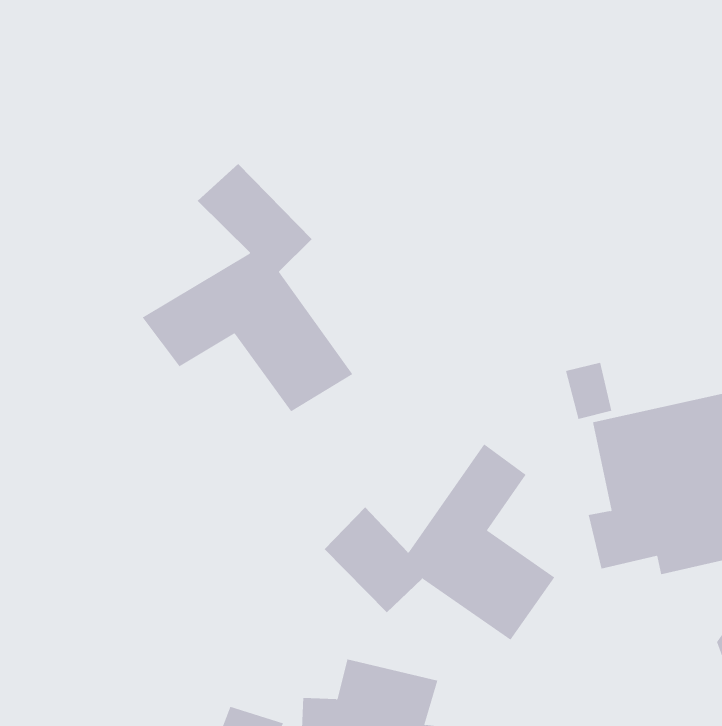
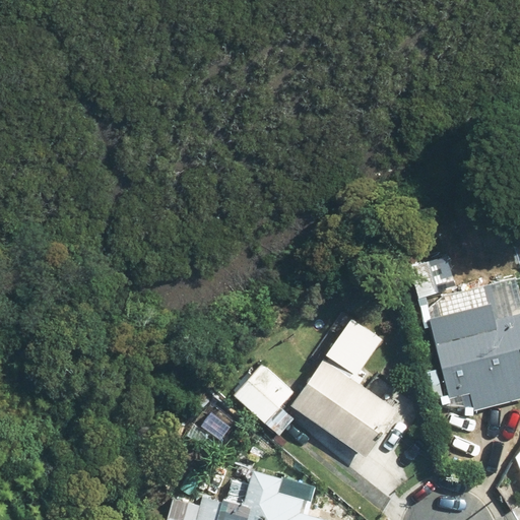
building: [142,163,353,412] -> none

